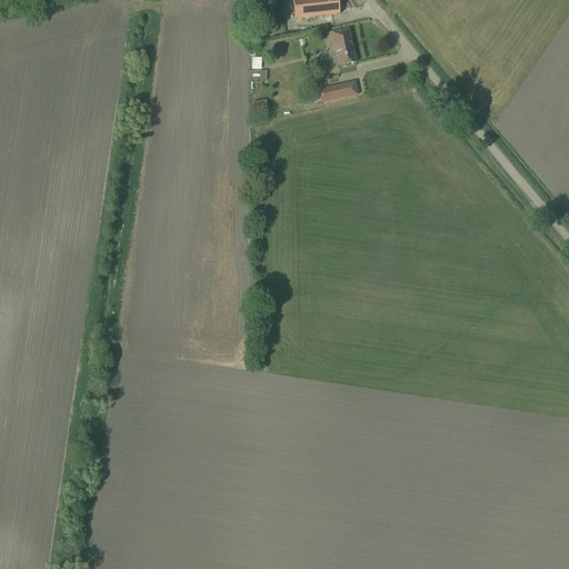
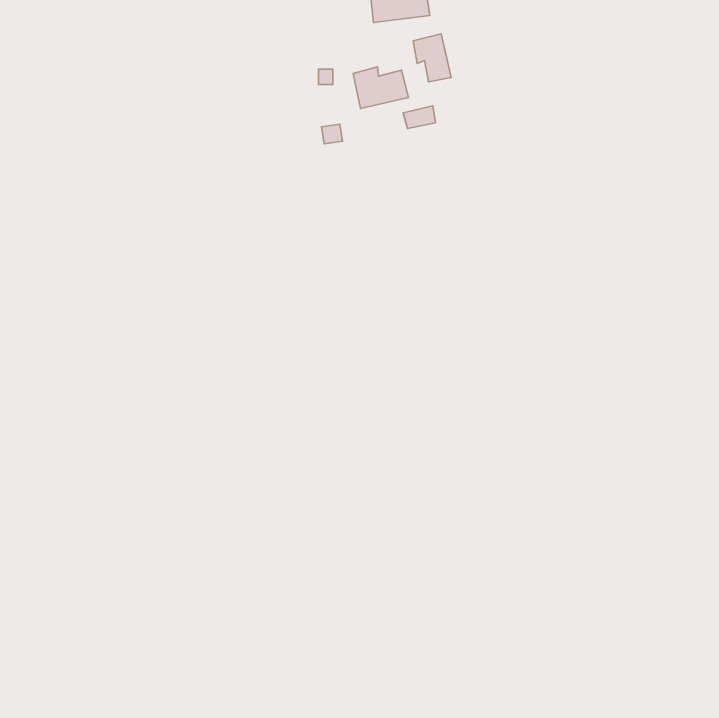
building: none -> [353,67,409,108]

